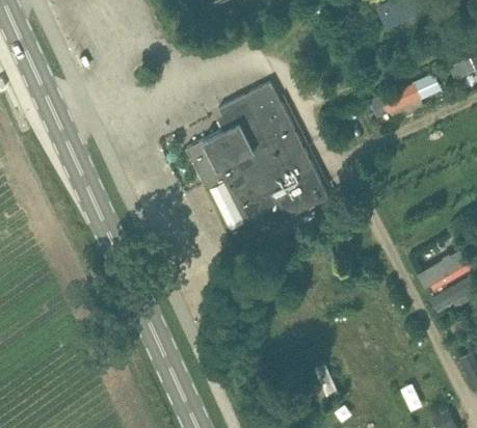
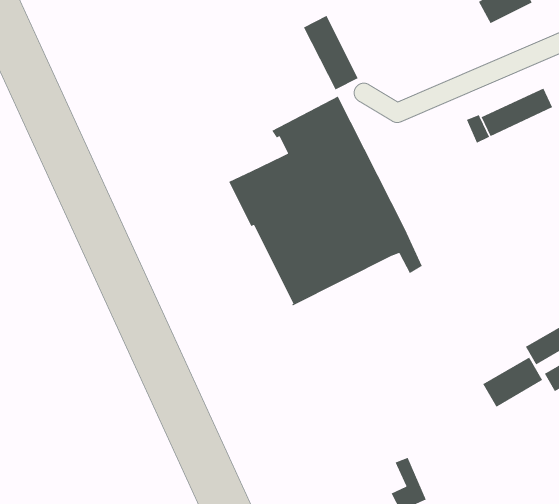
building: none -> [303,15,359,91]
building: none -> [482,356,543,408]

